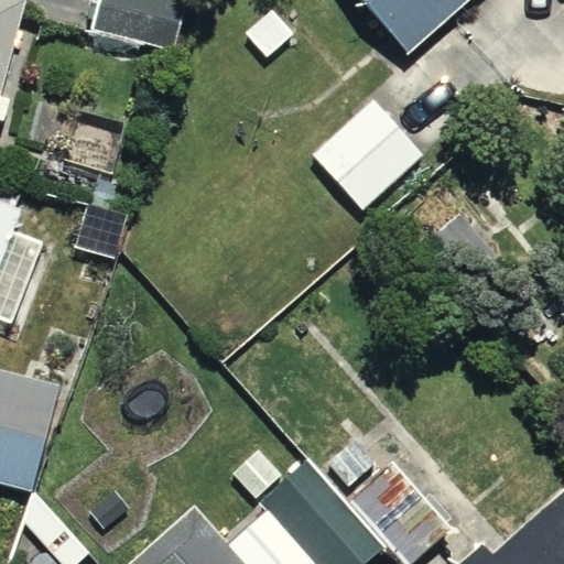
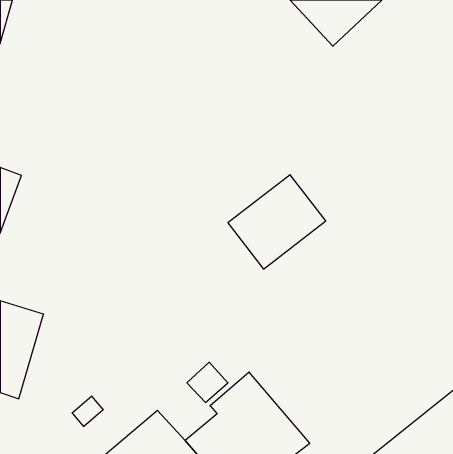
building: [299,96,420,213] -> [228,175,326,269]

